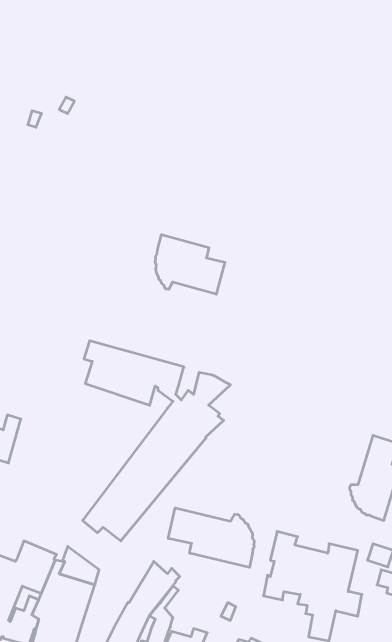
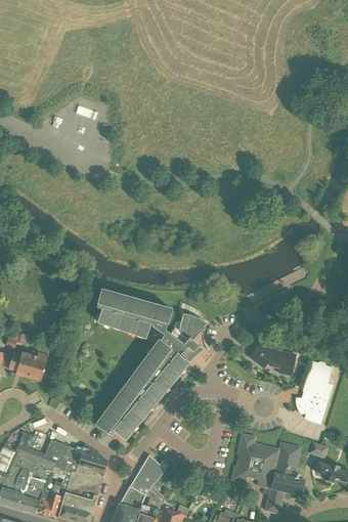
building: [155,235,225,294] -> none
building: none -> [250,343,297,375]
building: [168,508,254,567] -> none

